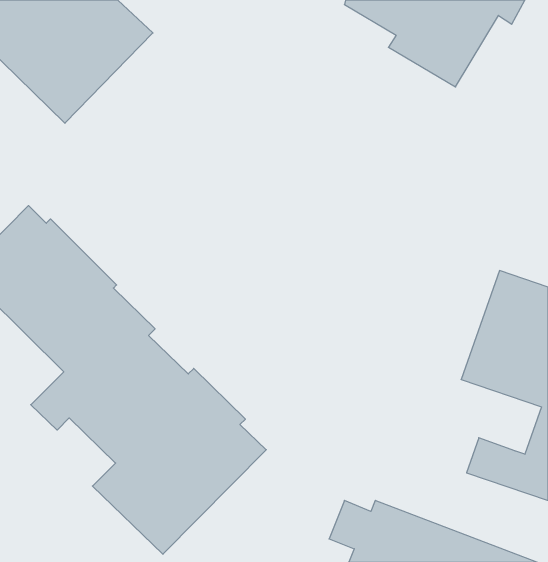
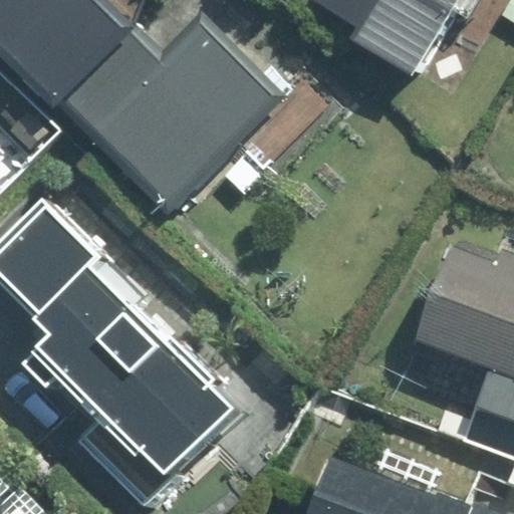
building: none -> [83,12,285,217]

